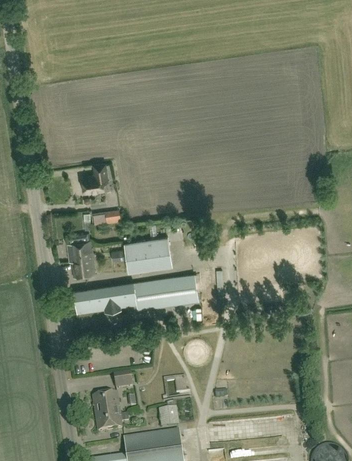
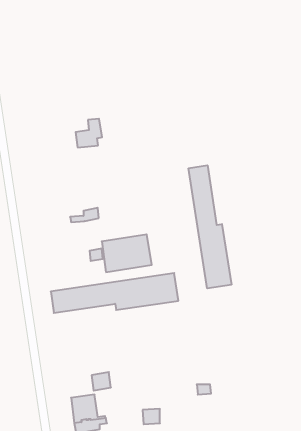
building: [81,164,107,192] -> [76,119,102,147]
building: none -> [189,165,231,288]
building: [66,240,94,278] -> none

